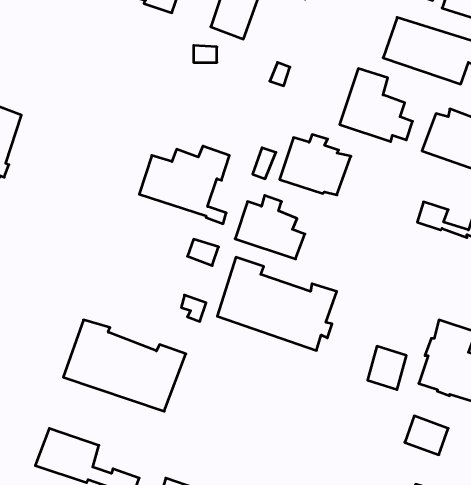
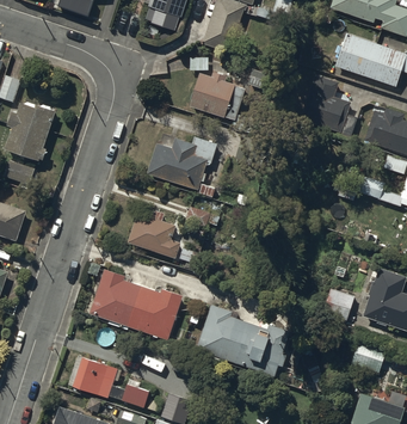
building: [280,135,351,195] -> [189,75,243,122]
building: [235,195,305,259] -> [128,208,181,257]
building: [217,257,337,350] -> [196,307,288,379]

